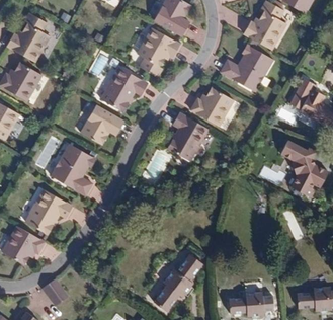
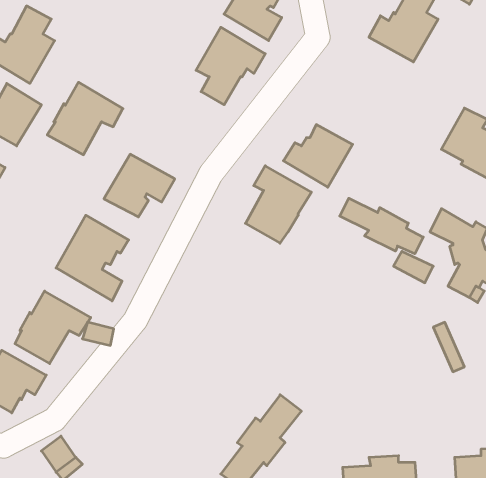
building: [220,44,272,91] -> none
building: [100,67,147,111] -> [47,82,123,155]
building: none -> [340,198,423,254]

